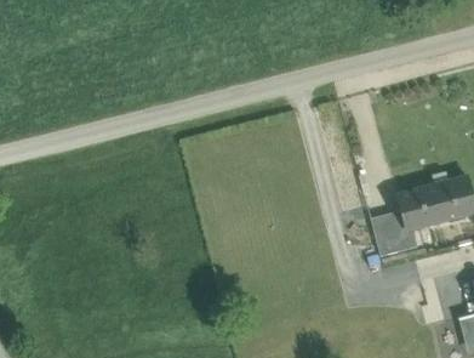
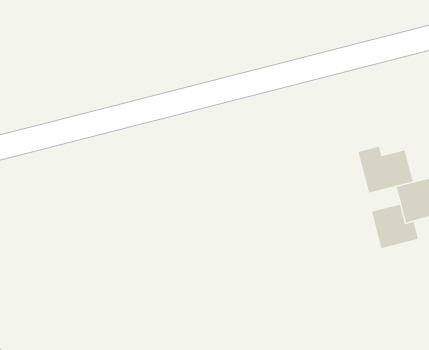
building: none -> [358,146,414,194]

